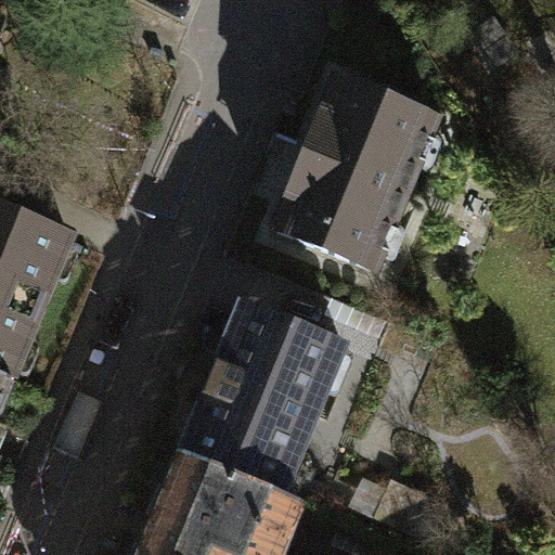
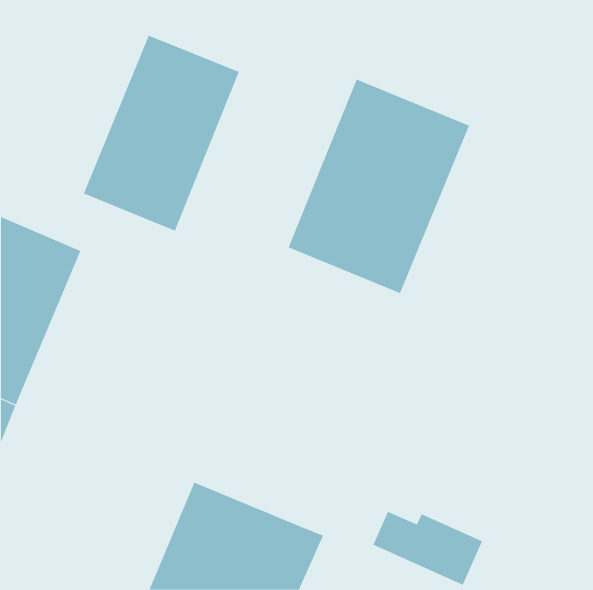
building: none -> [83,35,240,231]
building: [181,302,345,491] -> none

